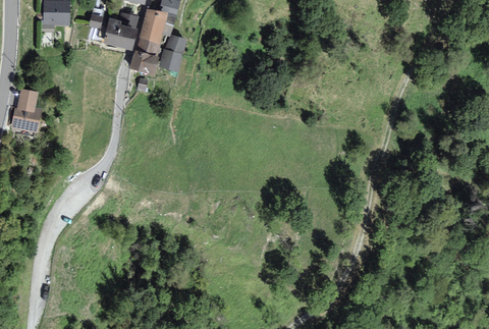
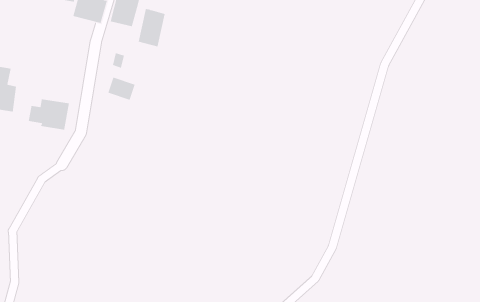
building: [127,49,154,71] -> [108,77,135,100]
building: none -> [28,98,69,130]

